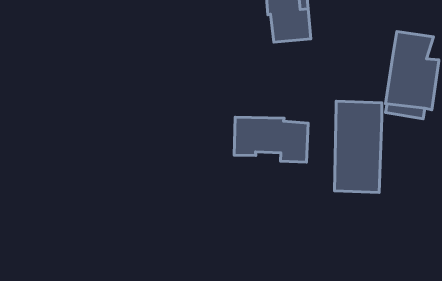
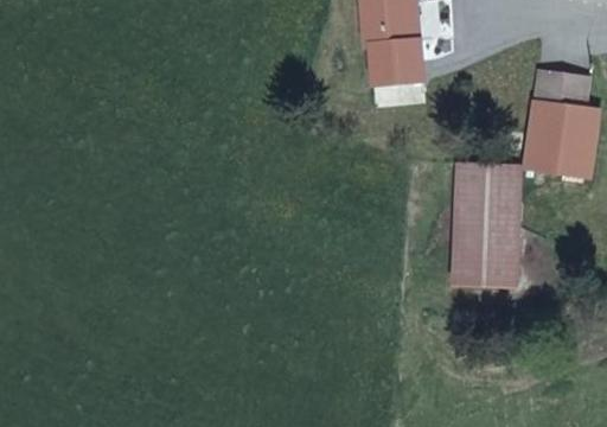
building: [234,117,308,162] -> none

